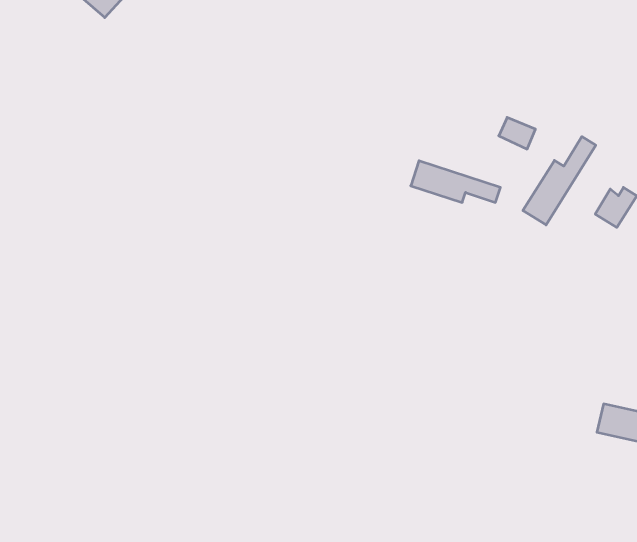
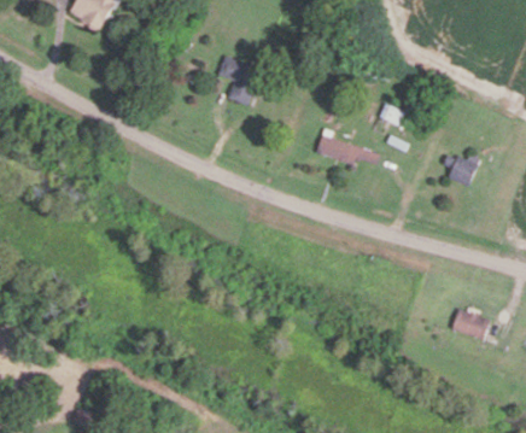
building: none -> [220,58,261,105]
building: [523,137,596,225] -> none

